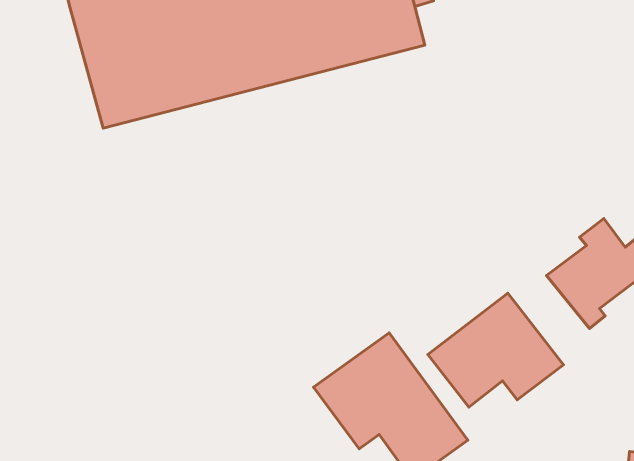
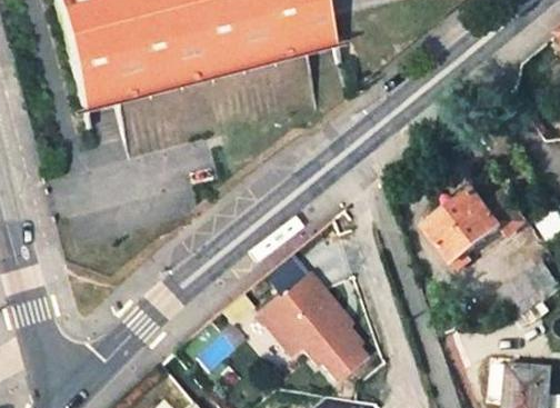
building: [428,293,564,407] -> none

